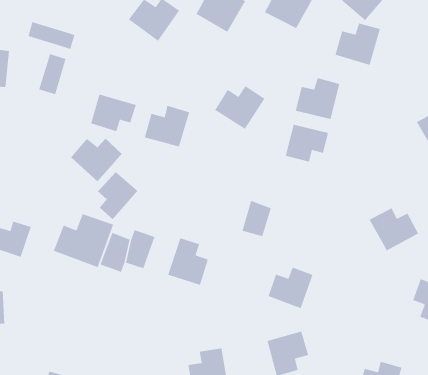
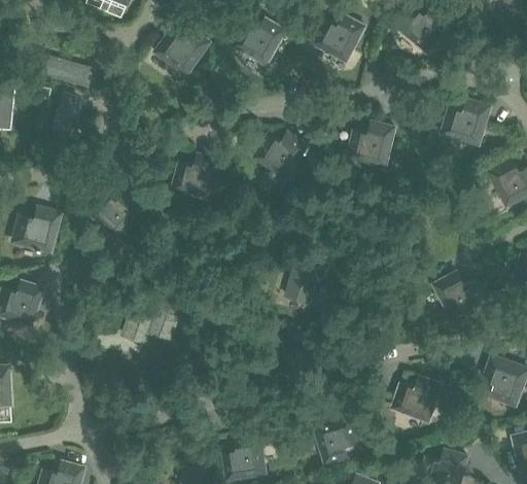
building: [334,22,381,66] -> [438,97,492,147]
building: [90,94,137,132] -> none
building: [285,124,329,162] -> none
building: none -> [11,208,59,252]
building: [97,171,138,220] -> none
building: [53,213,114,268] -> none
building: [167,237,209,286] -> none
building: [267,266,314,309] -> [390,374,444,423]

